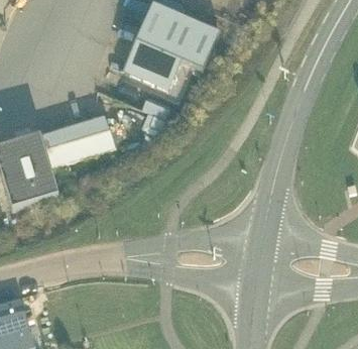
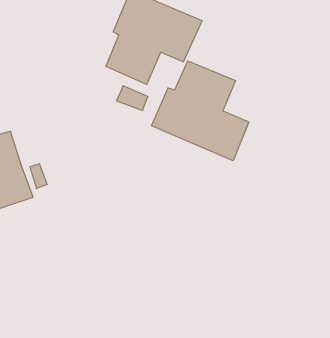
building: none -> [152,61,249,161]
building: [39,112,112,164] -> none

